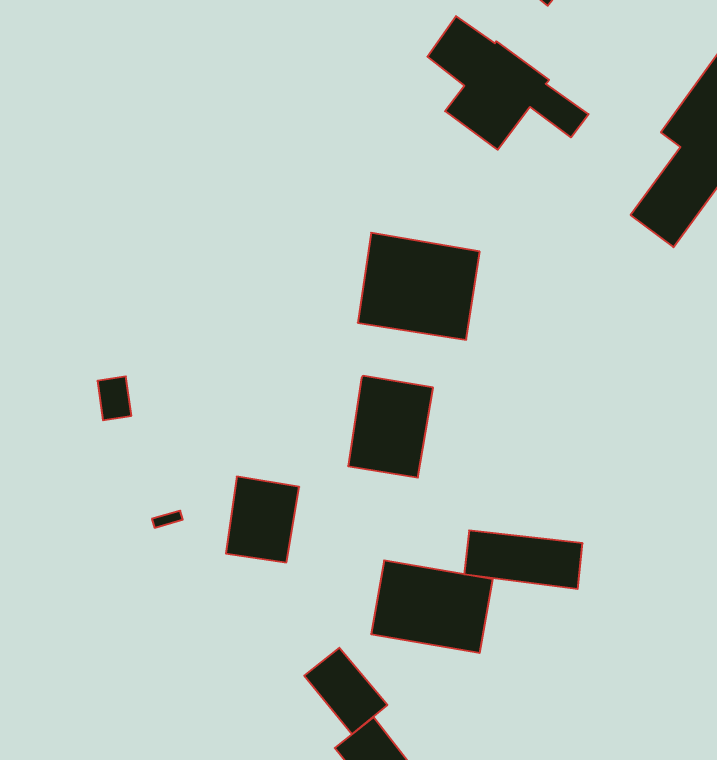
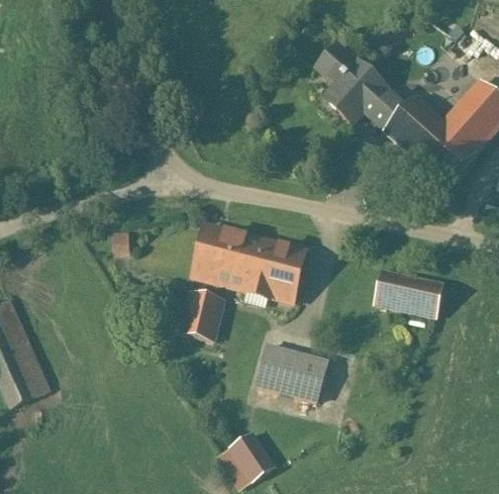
building: none -> [385,94,456,164]
building: [358,233,480,340] -> [194,224,266,289]
building: [464,530,583,589] -> [375,278,442,316]
building: [304,648,387,734] -> none

